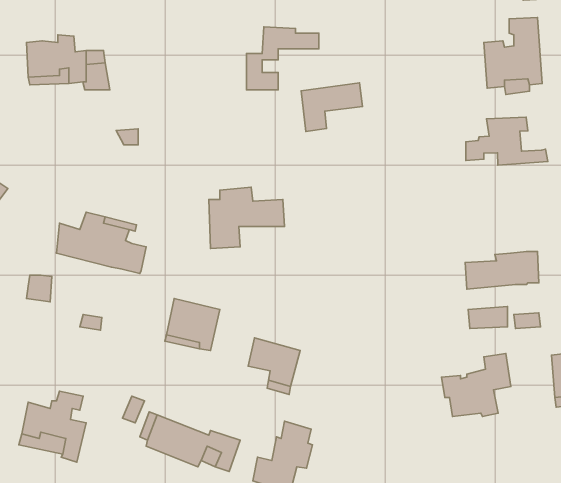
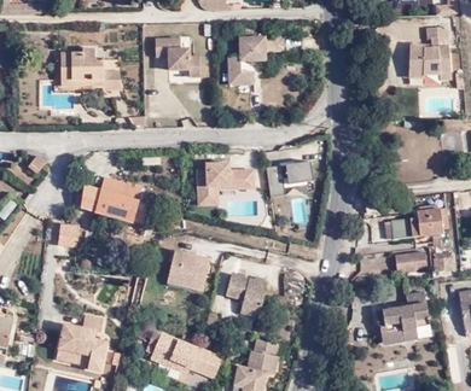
building: none -> [153,34,199,74]
building: [301,83,363,132] -> [268,162,315,199]
building: [466,117,548,165] -> none

